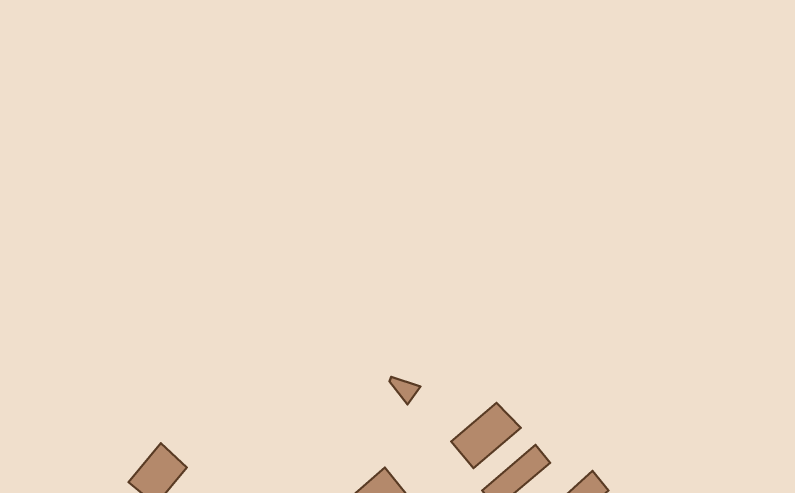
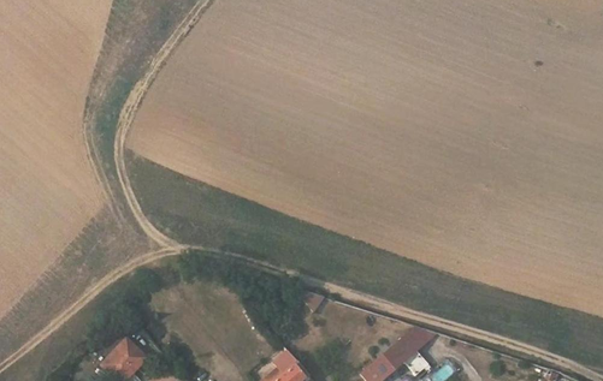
building: [451,403,521,468] -> none

